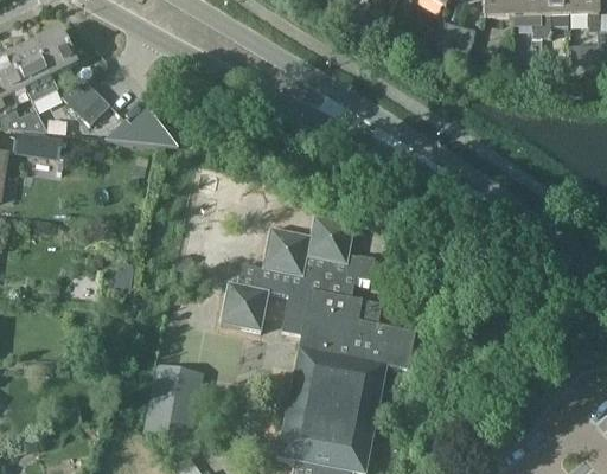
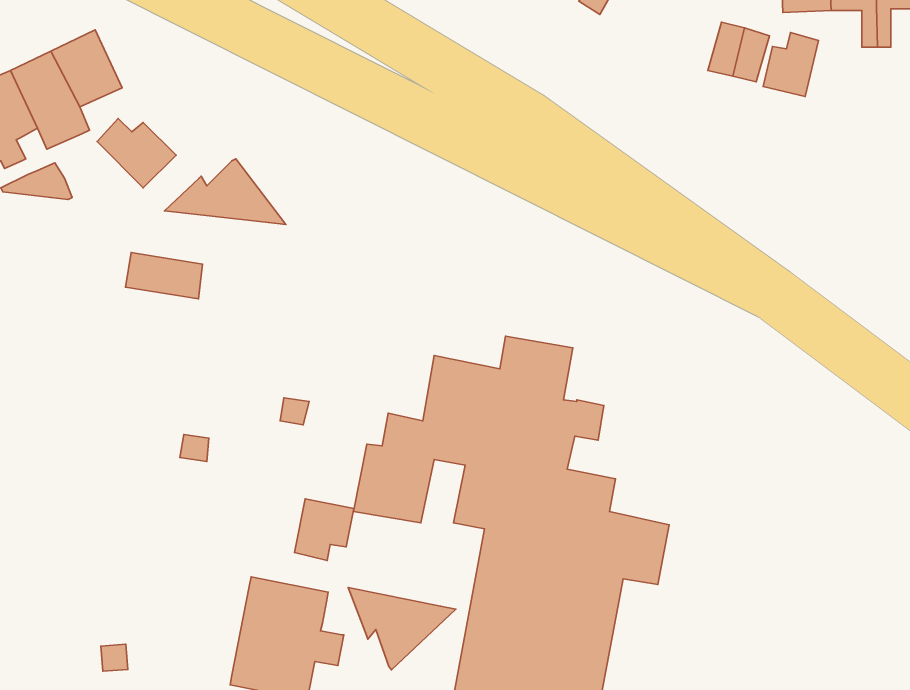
building: none -> [763,32,819,96]
building: [13,132,60,160] -> [125,253,202,299]
building: none -> [294,499,354,560]
building: none -> [348,588,456,670]

